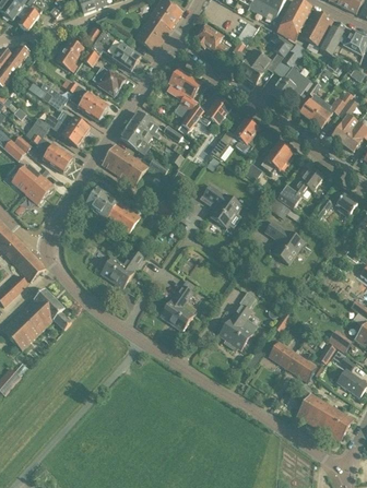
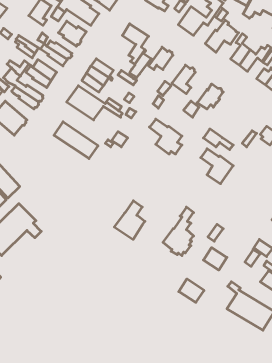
building: [277,168,323,209] -> none
building: [100,249,144,288] -> none
building: [286,353,317,381] -> [179,279,204,302]

